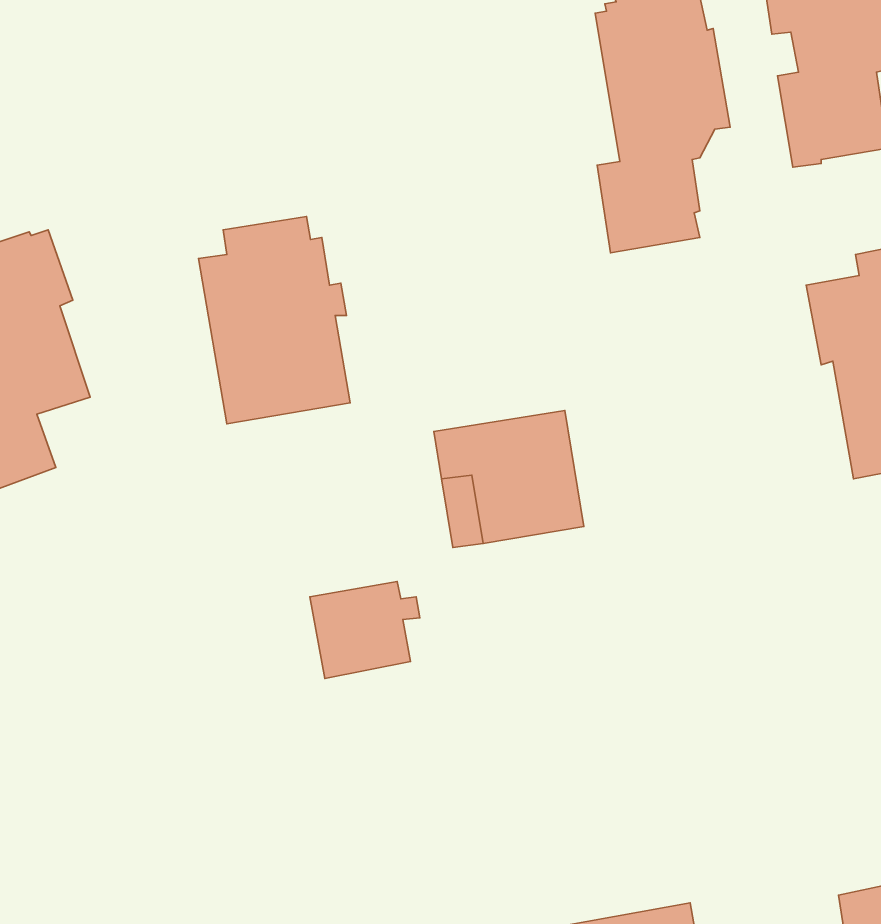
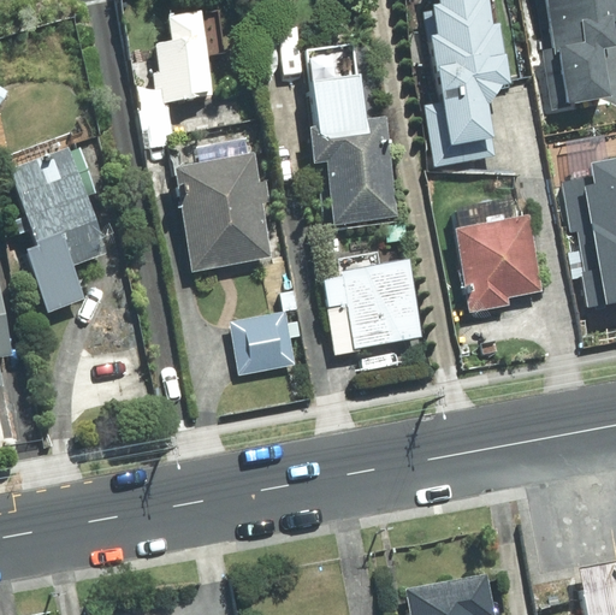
building: none -> [137,12,224,147]
building: none -> [309,46,397,224]
building: none -> [451,197,541,313]
building: [310,582,420,679] -> [230,313,300,374]

